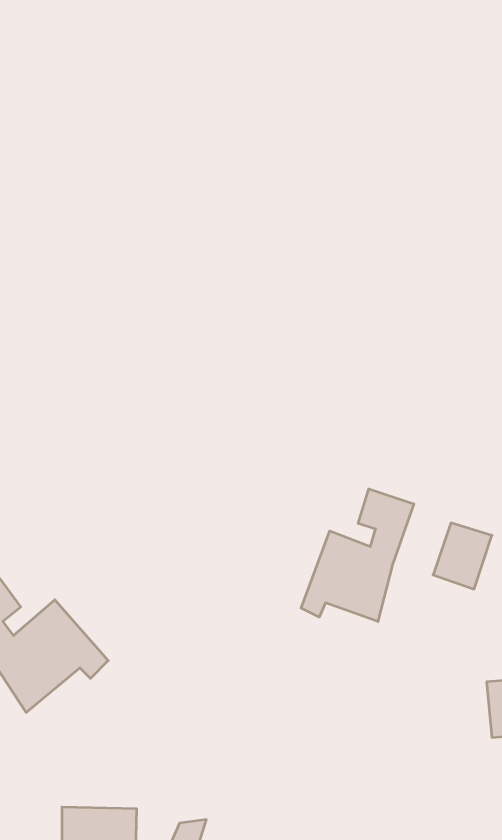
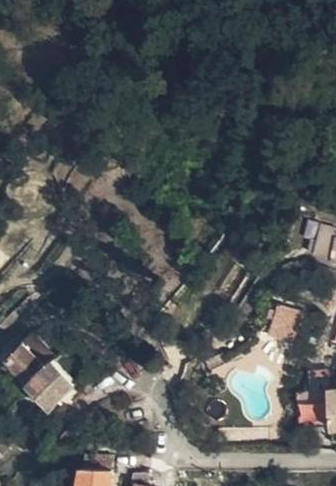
building: [301,489,414,622] -> none

